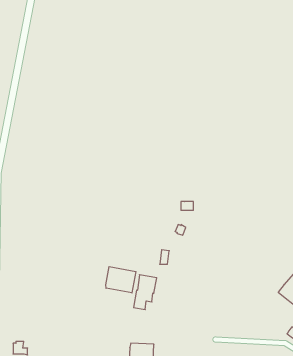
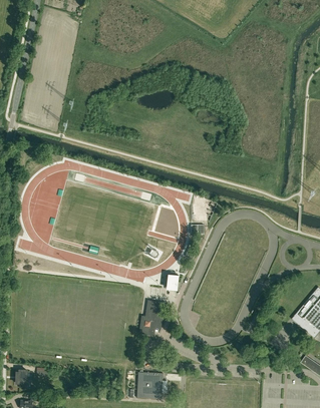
building: [106,267,136,293] -> none

